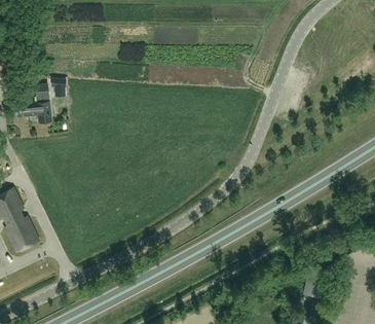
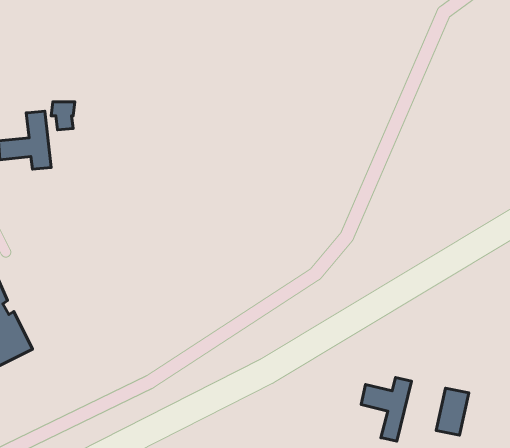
building: none -> [361,378,412,441]

